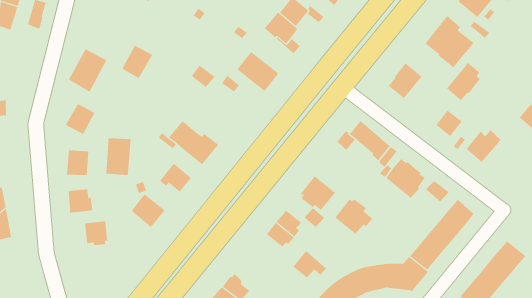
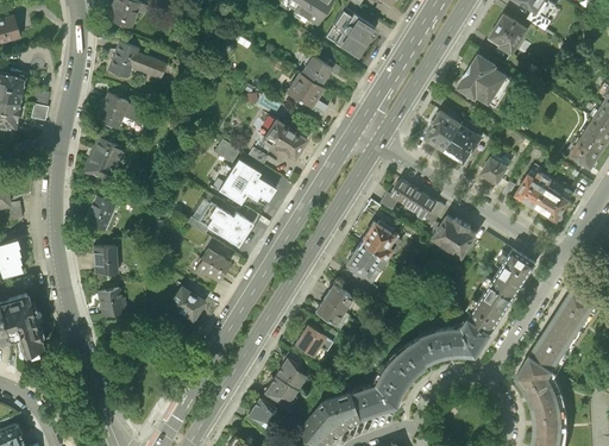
building: [121,45,153,79] -> [96,92,128,127]
building: [446,62,481,101] -> [445,118,481,161]
building: none -> [218,158,276,206]
building: [106,138,131,176] -> none
building: none -> [536,186,572,221]
building: [334,199,373,234] -> [359,220,401,258]
building: [85,220,108,246] -> none
building: [293,250,327,278] -> [295,325,332,354]

